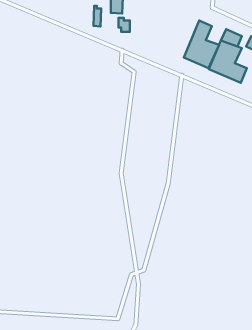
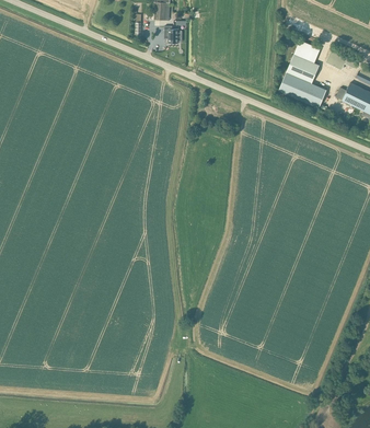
building: [184,21,219,68] -> none

